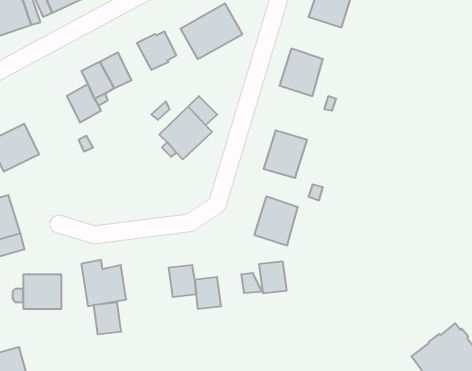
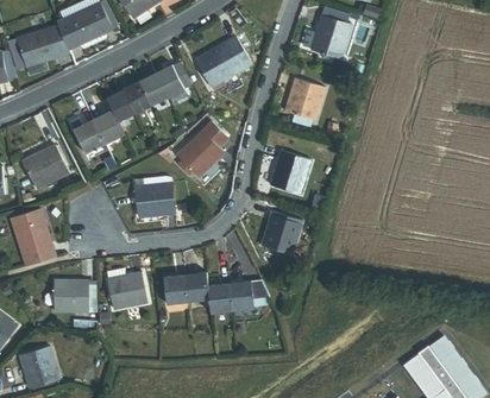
building: none -> [138,74,168,107]
building: none -> [73,121,103,153]
building: none -> [134,183,174,217]
building: [259,262,287,293] -> [227,282,252,310]
building: [93,302,121,334] -> [162,276,187,304]

